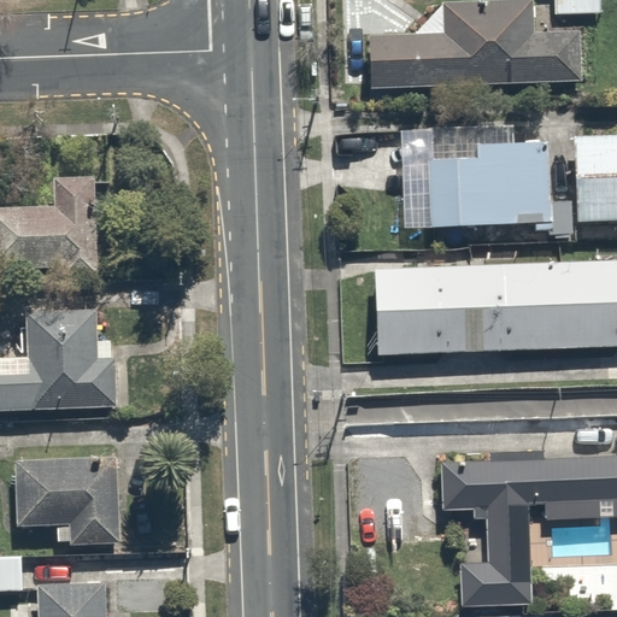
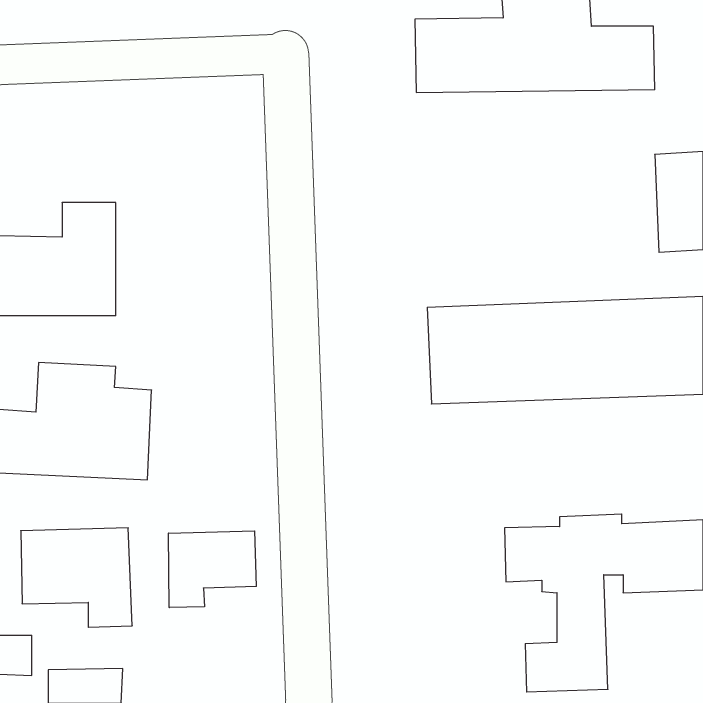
building: [427,140,552,225] -> none
building: none -> [169,531,256,608]

